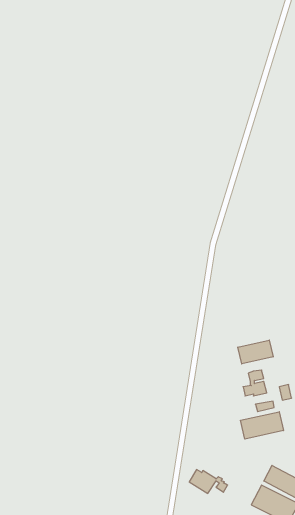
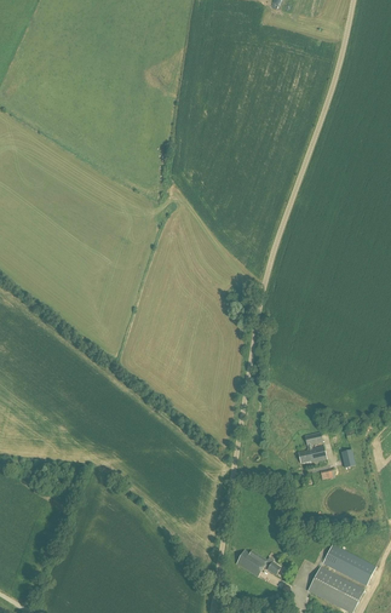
building: [238,340,273,364] -> none
building: [241,412,283,439] -> none

